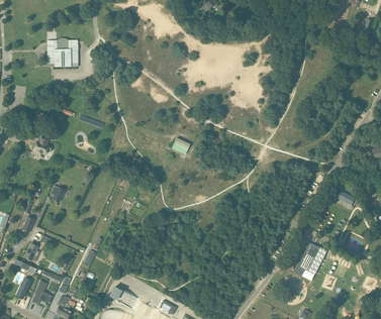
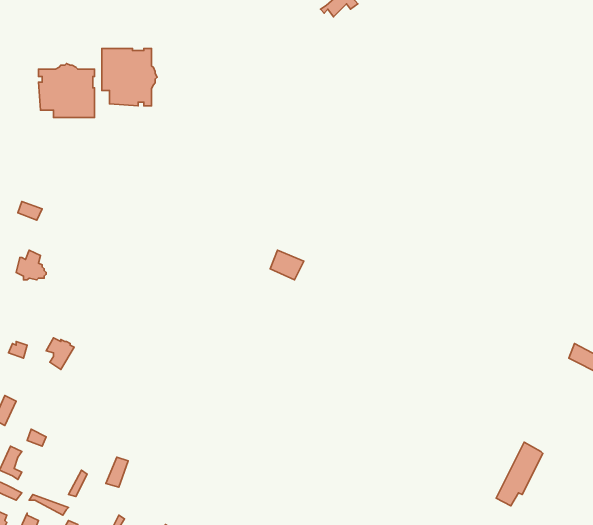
building: none -> [102,49,157,106]

